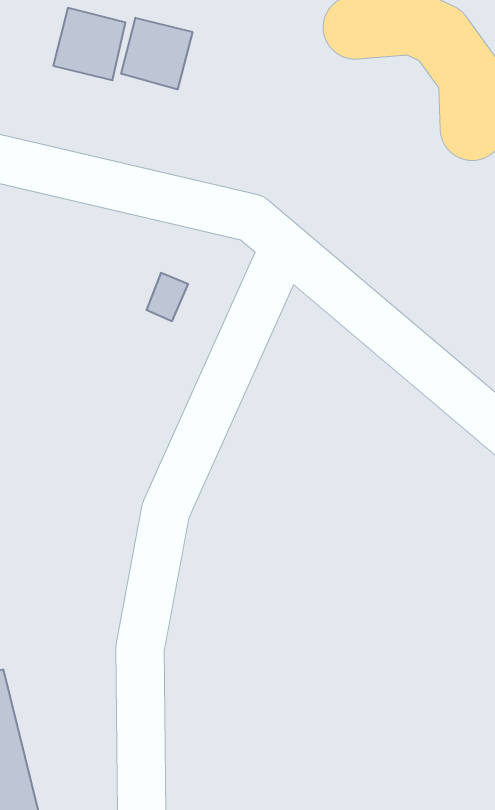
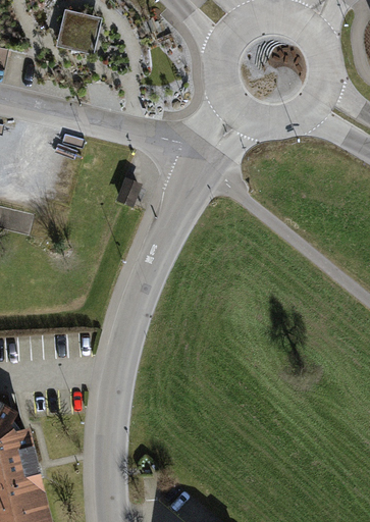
building: [121,18,192,89] -> none

